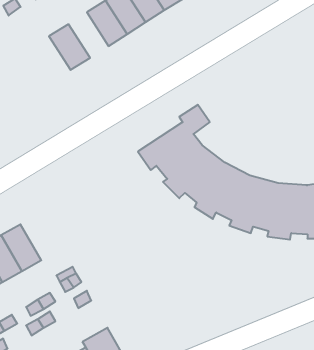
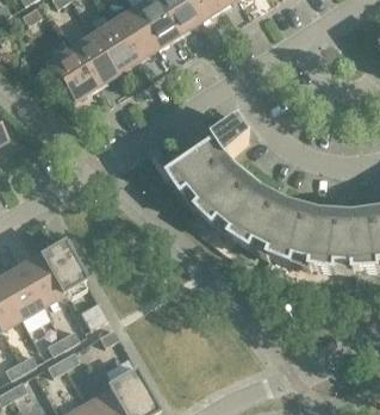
building: none -> [93,23,137,73]
building: none -> [50,49,95,99]
building: none -> [41,241,86,295]

